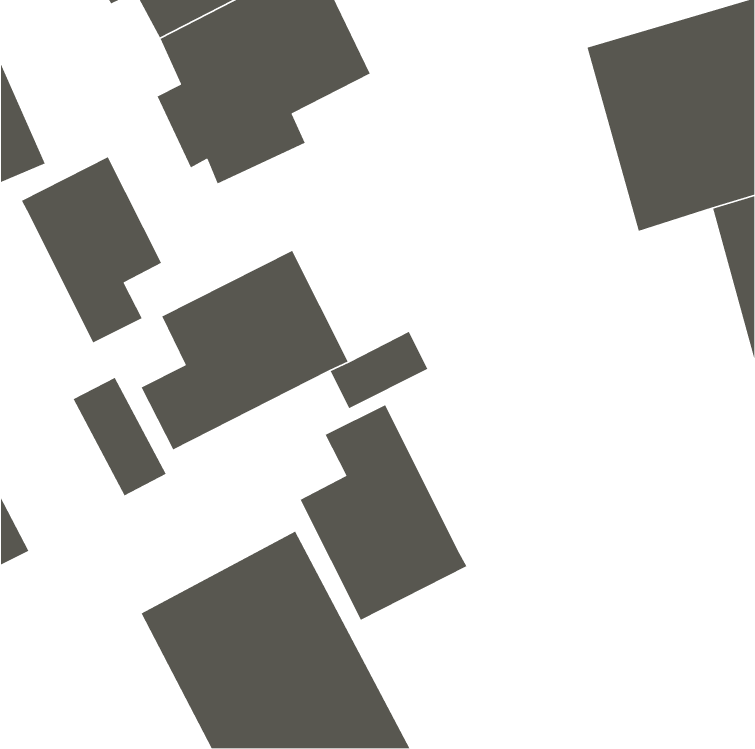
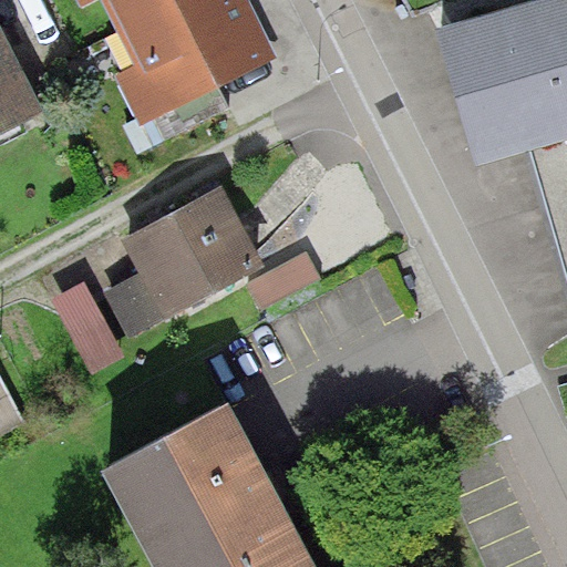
building: [21,156,162,343] -> none
building: [300,404,467,621] -> none

